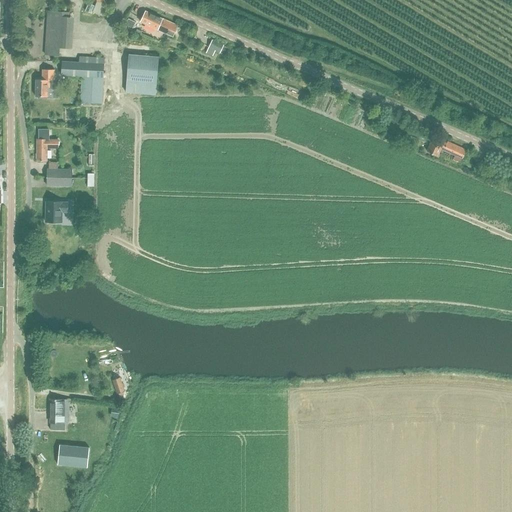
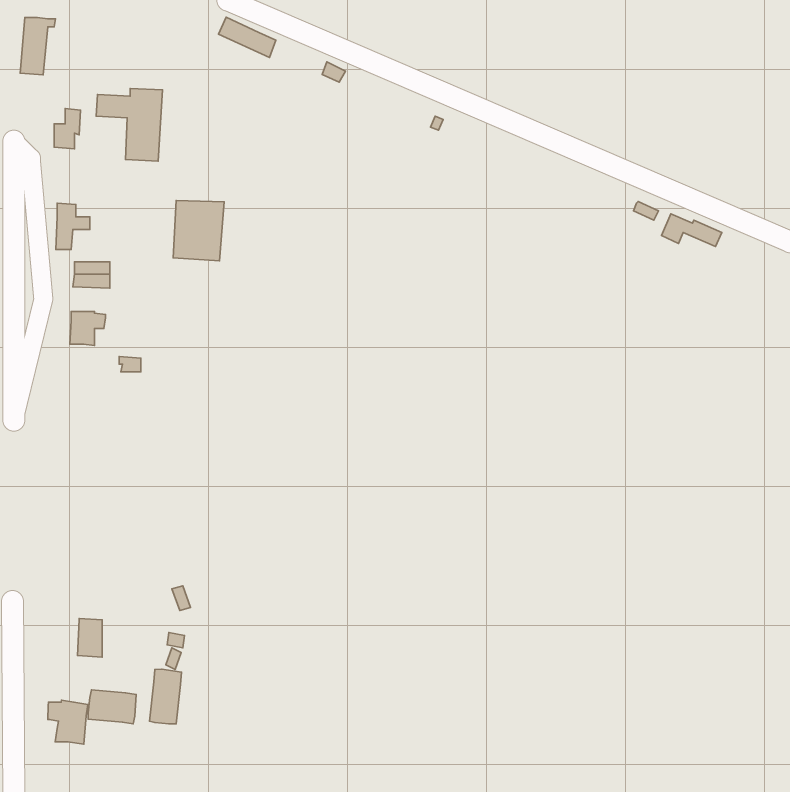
building: [45,12,68,49] -> [20,17,56,75]
building: [127,56,160,95] -> [173,200,224,261]
building: none -> [150,669,181,724]
building: none -> [48,700,88,744]

